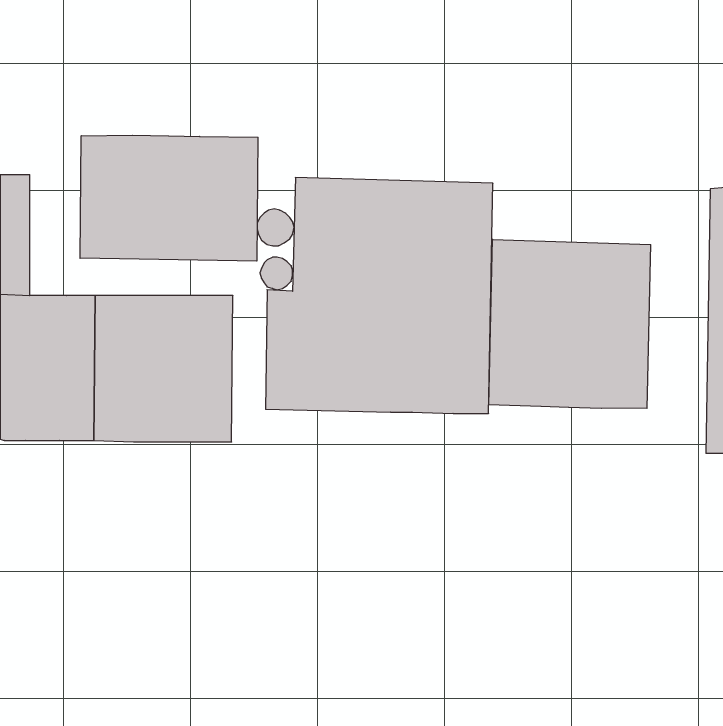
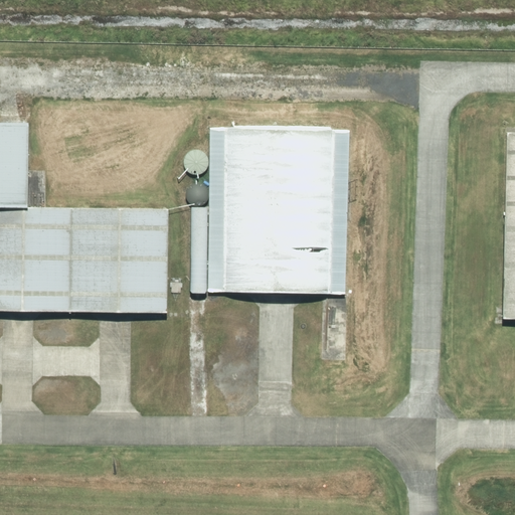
building: [80,135,258,261] -> none
building: [489,239,651,408] -> none

